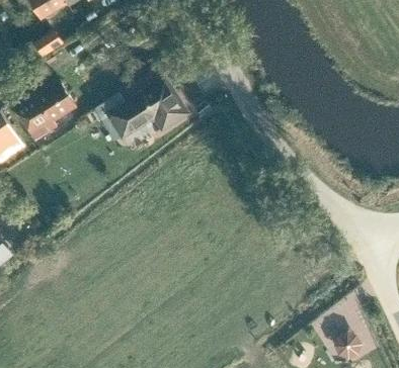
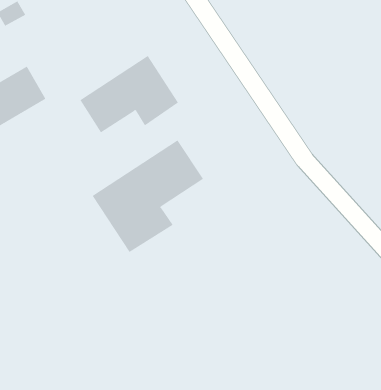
building: none -> [92,140,204,253]

